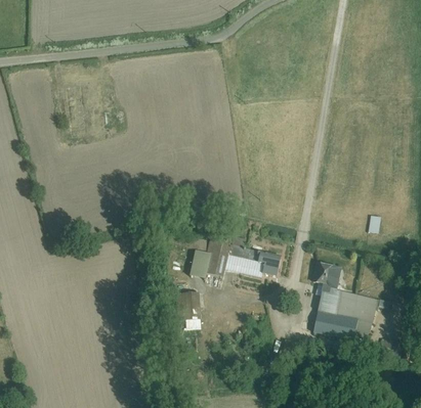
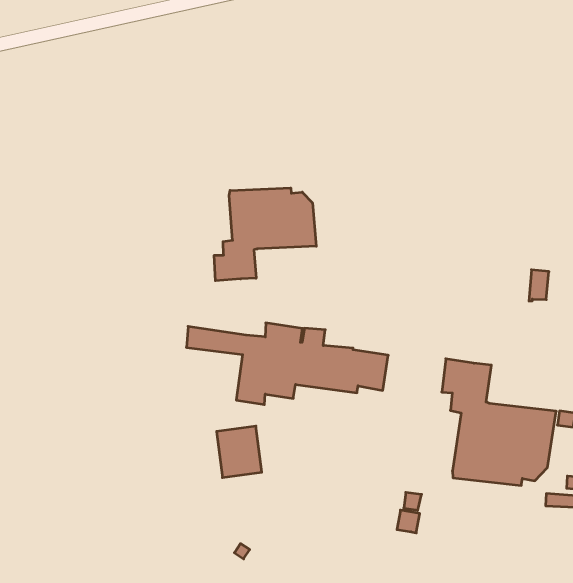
building: none -> [214,188,316,281]

